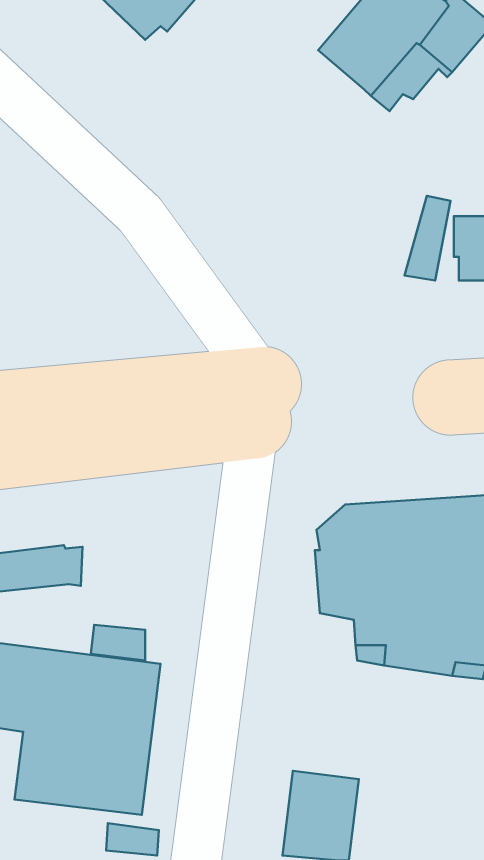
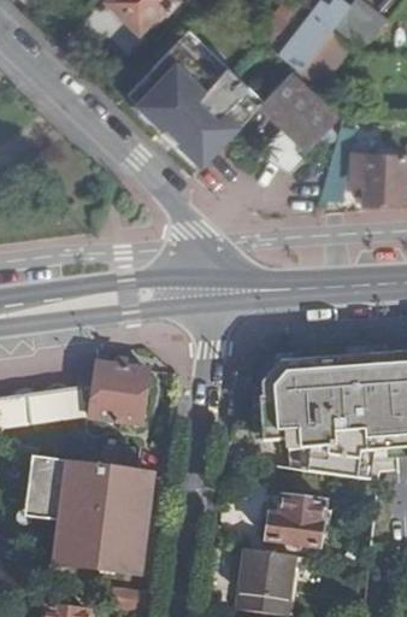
building: none -> [128,42,250,164]
building: none -> [259,70,336,169]
building: none -> [95,366,149,423]
building: none -> [271,498,328,548]

